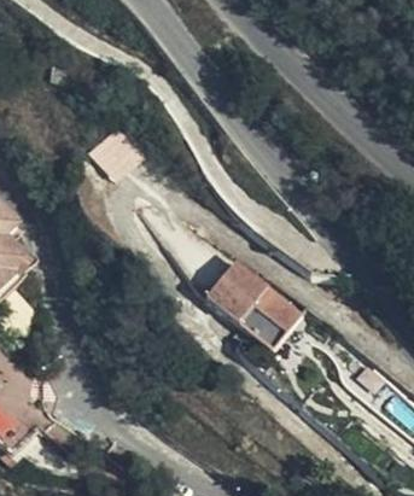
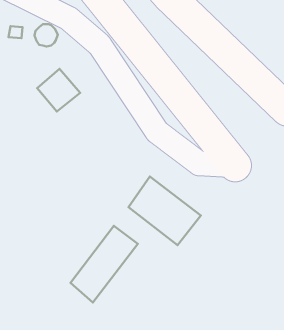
building: none -> [70,226,138,303]

